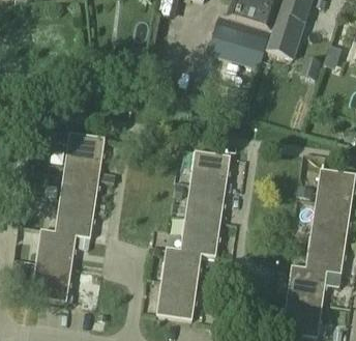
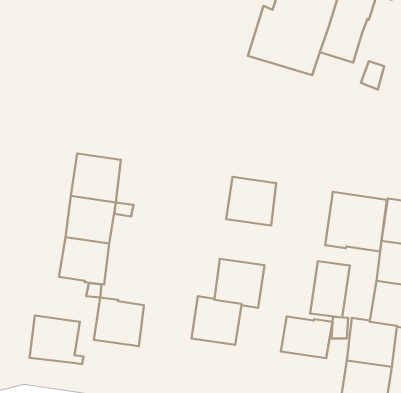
building: none -> [325,192,387,252]
building: [184,183,226,221] -> none
building: none -> [310,261,350,317]
building: [35,227,76,266] -> [94,297,144,346]
building: none -> [281,316,332,358]
building: [156,280,197,318] -> none

